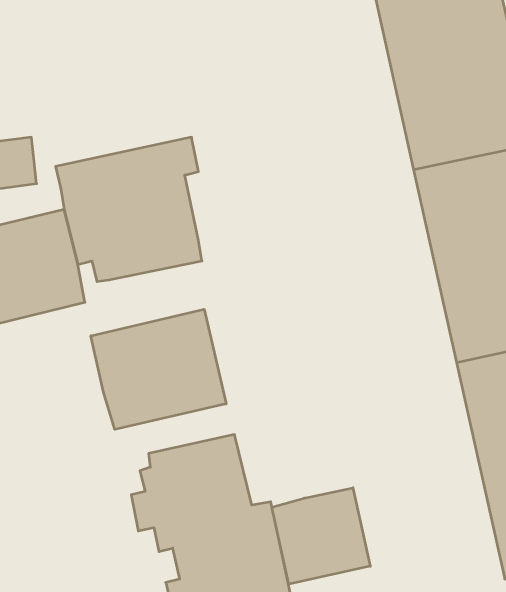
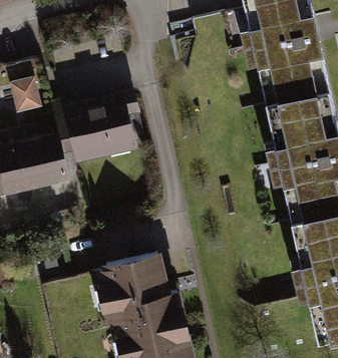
building: [91,309,226,429] -> none
building: [272,488,370,584] -> none

